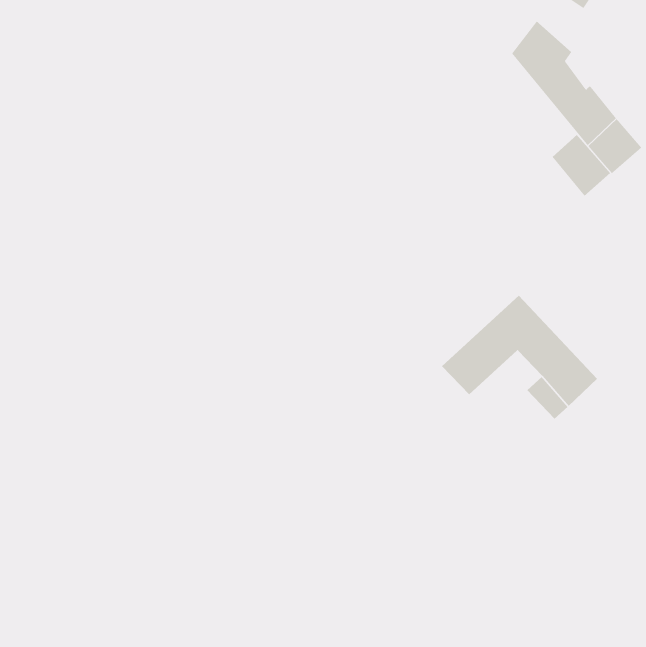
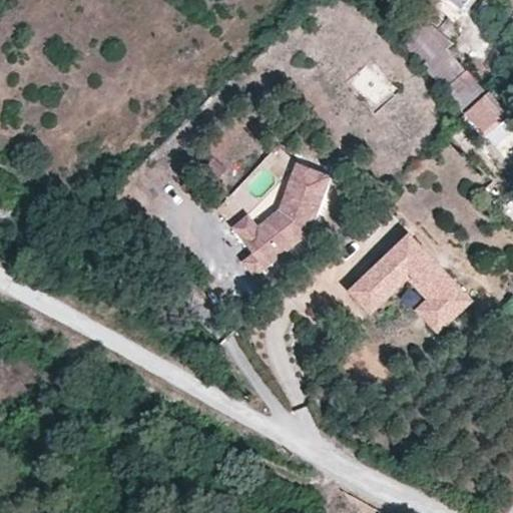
building: [552,134,611,197] -> none
building: none -> [243,166,327,278]

